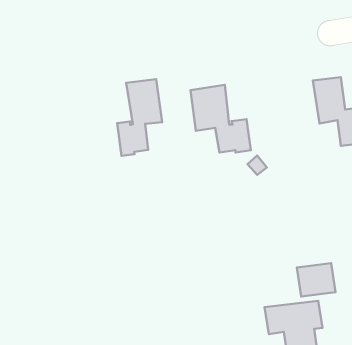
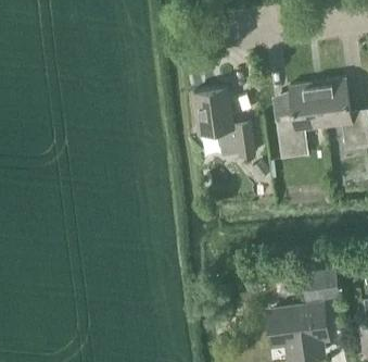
building: [117,79,162,156] -> none
building: none -> [277,83,323,158]

